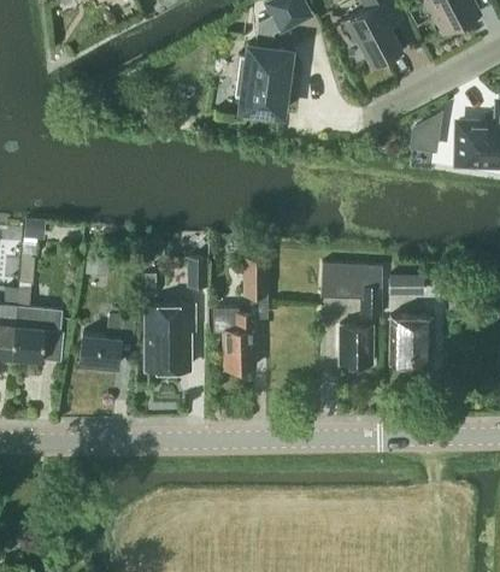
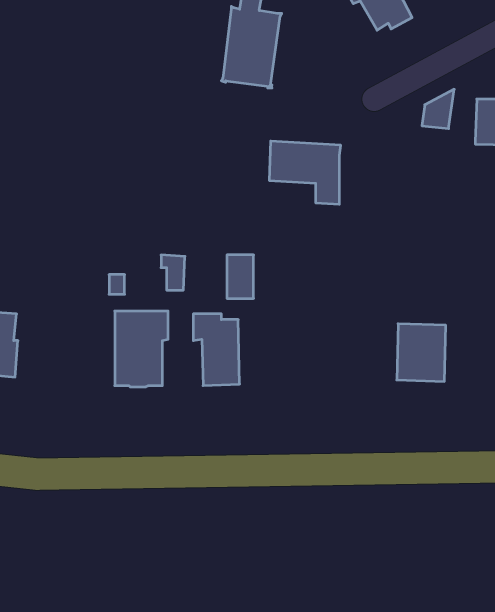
building: [320,264,382,318] -> [269,141,341,204]
building: [389,276,424,296] -> none
building: [78,316,136,370] -> none
building: [339,328,372,366] -> none

